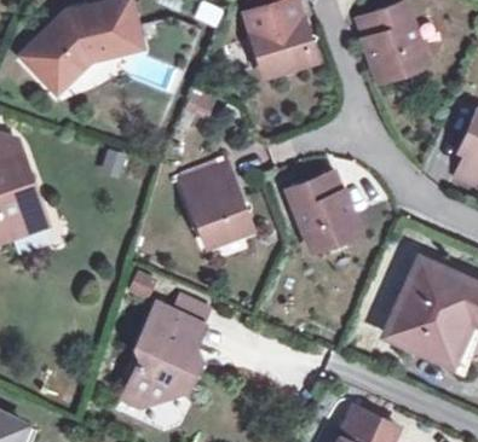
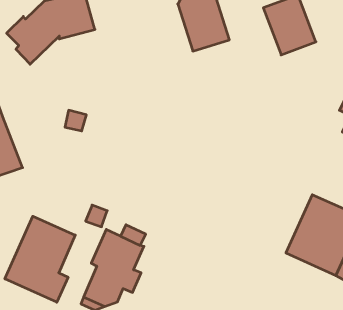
building: [180,164,252,246] -> none
building: [288,171,356,249] -> none
building: none -> [5,216,75,302]

